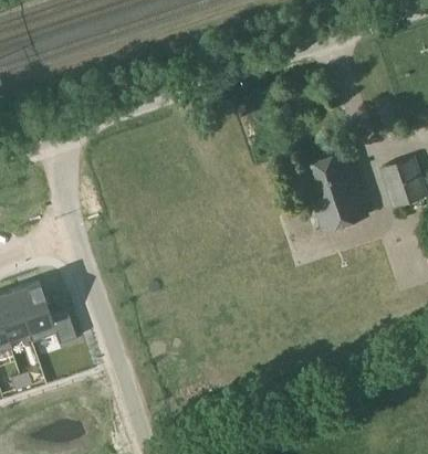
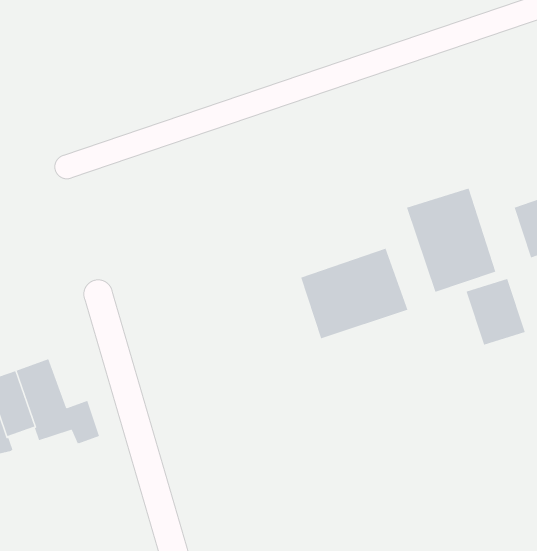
building: none -> [301,248,408,339]
building: none -> [466,278,526,345]

